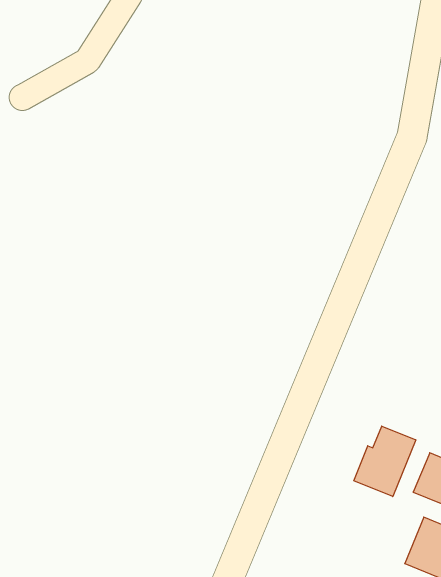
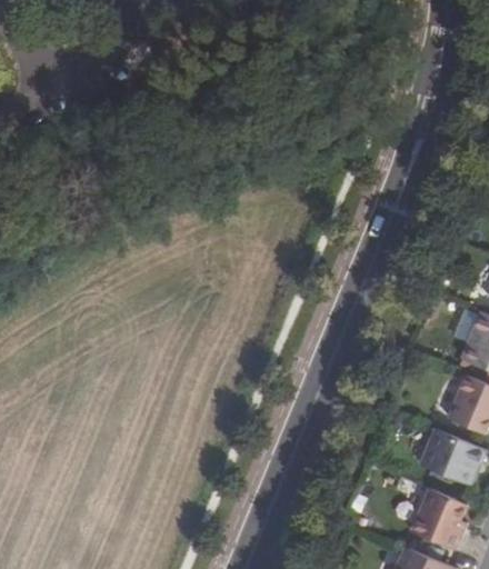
building: [354,426,416,497] -> none

